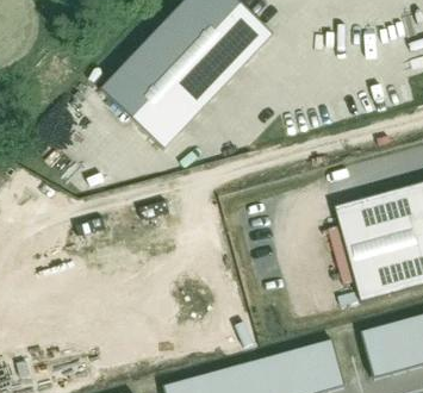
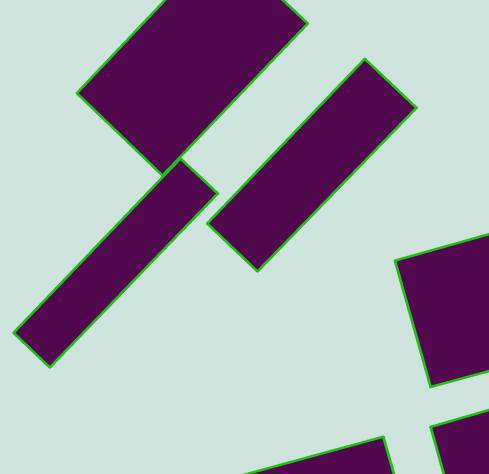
building: none -> [207,59,417,271]
building: none -> [14,159,218,367]

